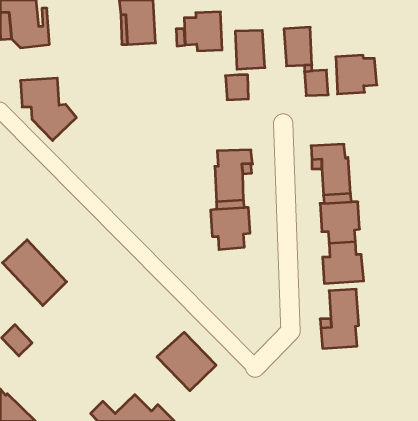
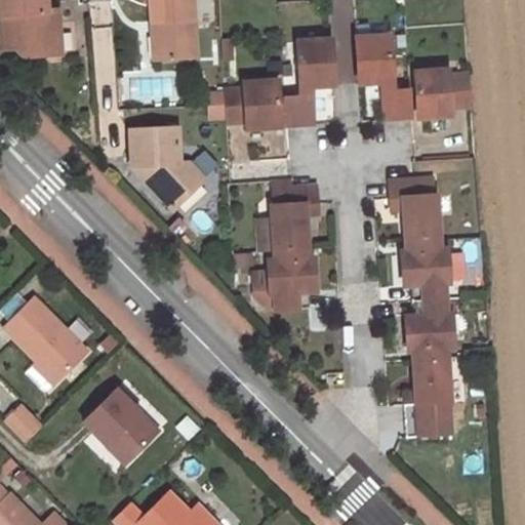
building: [184,12,222,51] -> [226,78,273,126]
building: [20,78,76,141] -> [129,128,199,206]
building: [157,332,216,391] -> [85,391,159,463]

